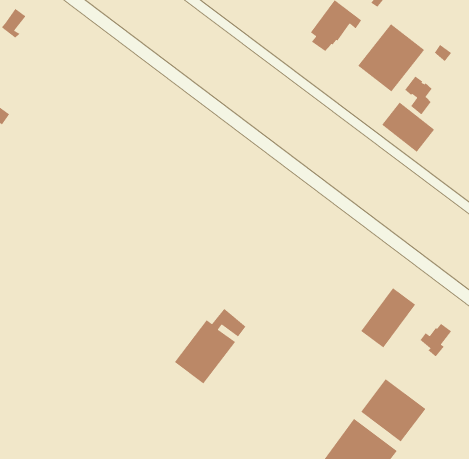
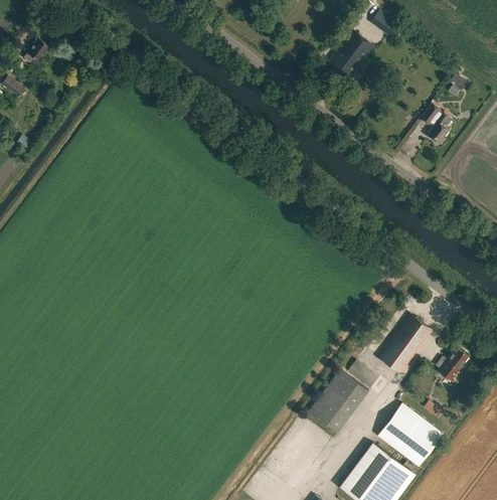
building: [357,23,425,92] -> none
building: [381,101,435,153] -> none
building: [174,308,247,385] -> [307,358,378,434]

